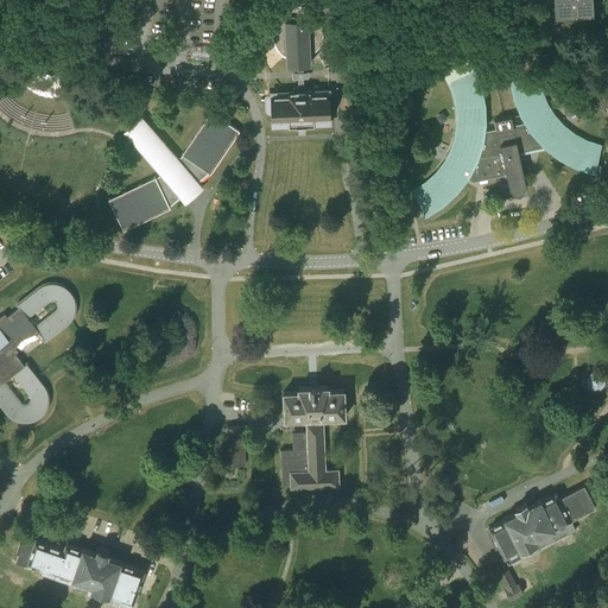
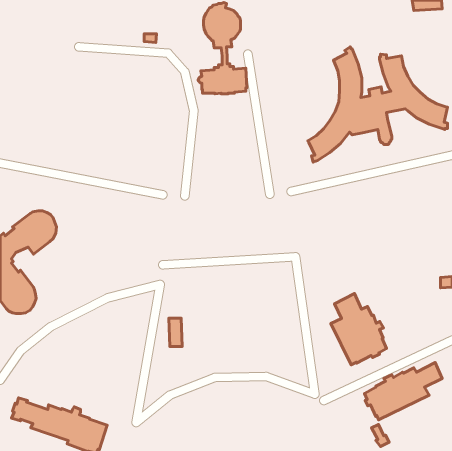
building: [108,114,240,233] -> none
building: [280,387,344,489] -> none
building: none -> [331,293,387,365]

